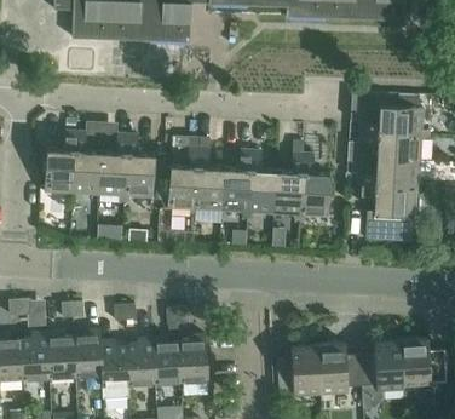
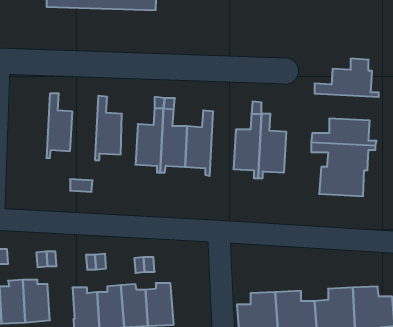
building: [45,130,76,200] -> none
building: [359,131,430,160] -> none
building: [98,133,128,202] -> none
building: [248,150,276,219] -> none
building: [74,328,103,374] -> none

